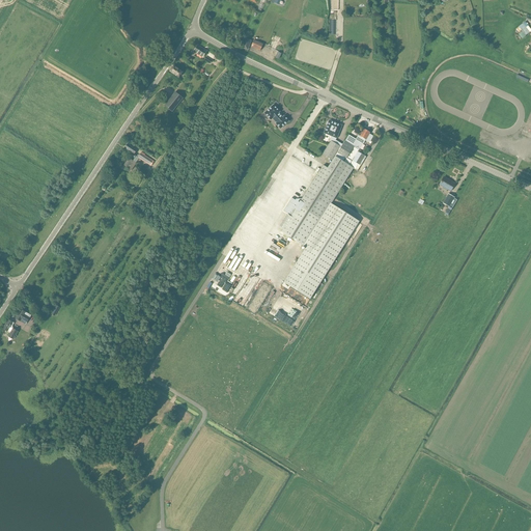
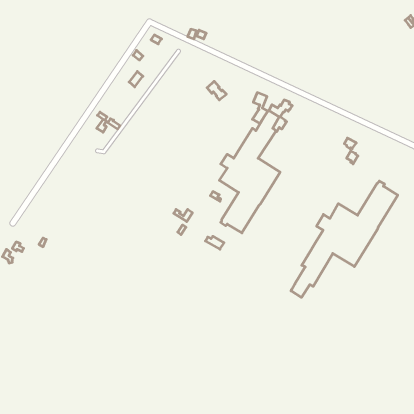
building: none -> [291,181,398,297]

